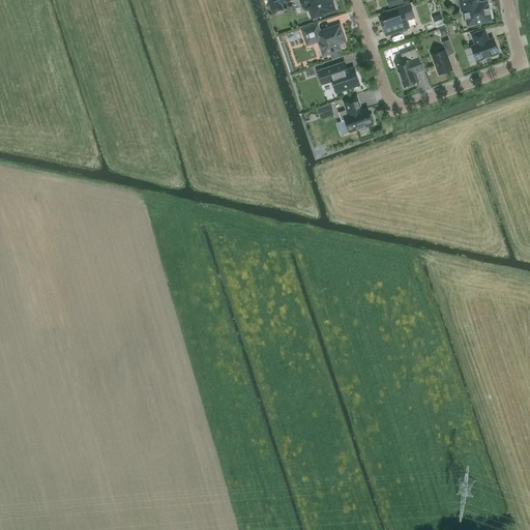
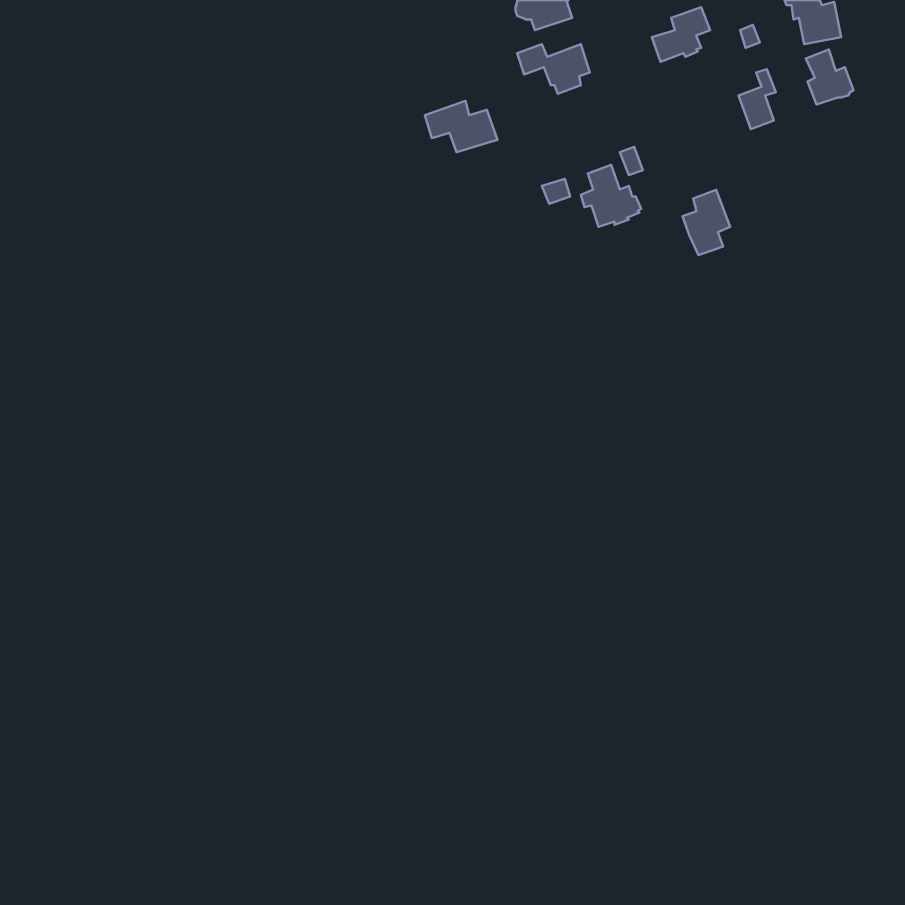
building: [395,50,423,88] -> [682,190,730,255]
building: [318,63,360,93] -> [425,101,497,152]

